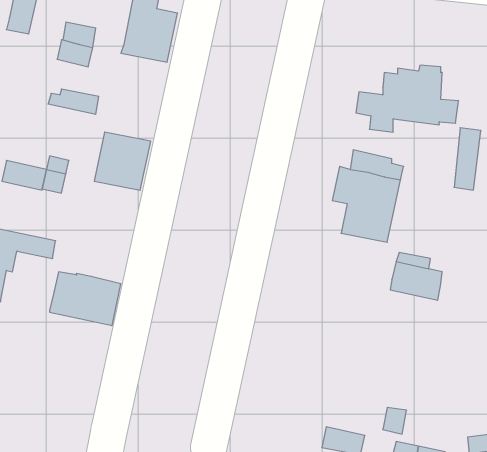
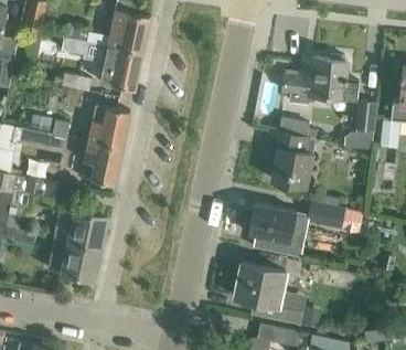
building: none -> [101,47,142,92]
building: none -> [81,142,122,185]
building: none -> [248,204,306,256]
building: none -> [47,240,101,280]
building: none -> [235,264,307,326]

